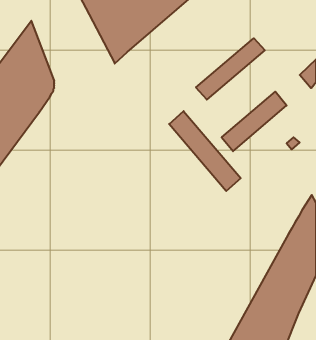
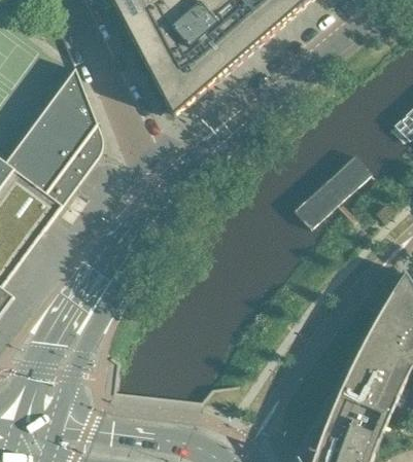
building: [196,38,265,100] -> none
building: [169,111,241,191] -> none

